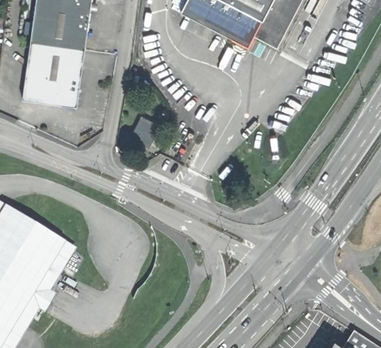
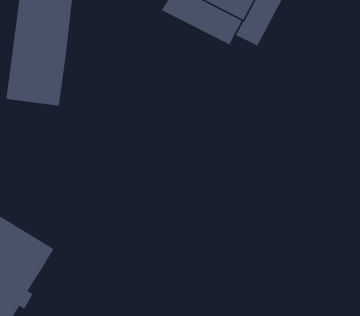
building: [129,117,159,148] -> none

